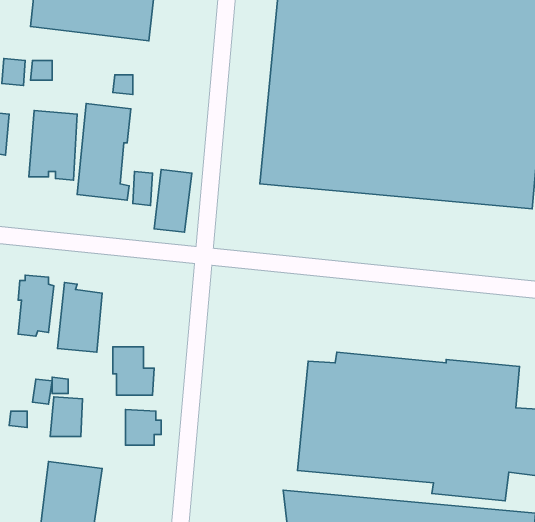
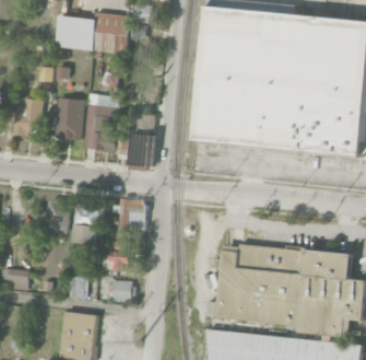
building: none -> [110,197,143,230]

